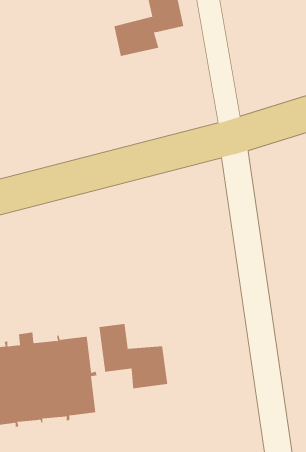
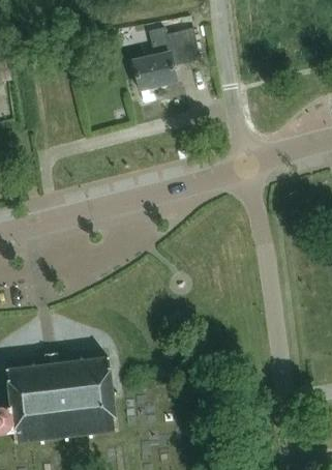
building: [99,323,168,389] -> none

